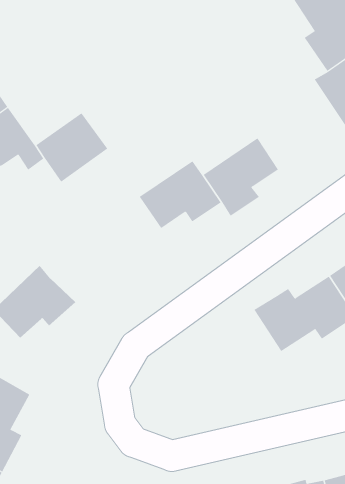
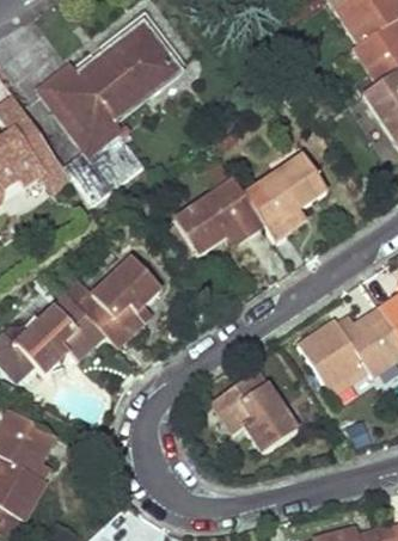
building: none -> [38,26,177,143]
building: none -> [78,257,160,346]
building: none -> [212,370,296,450]

